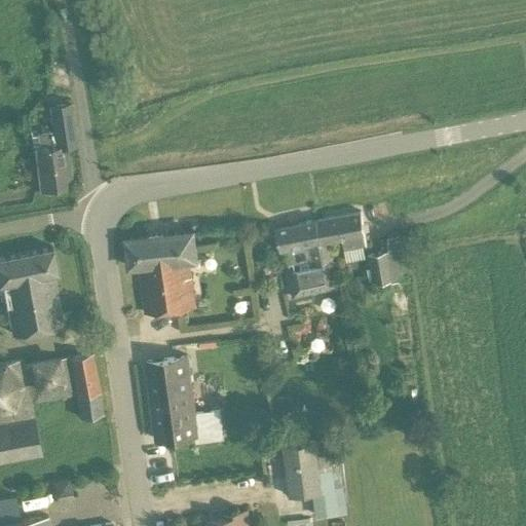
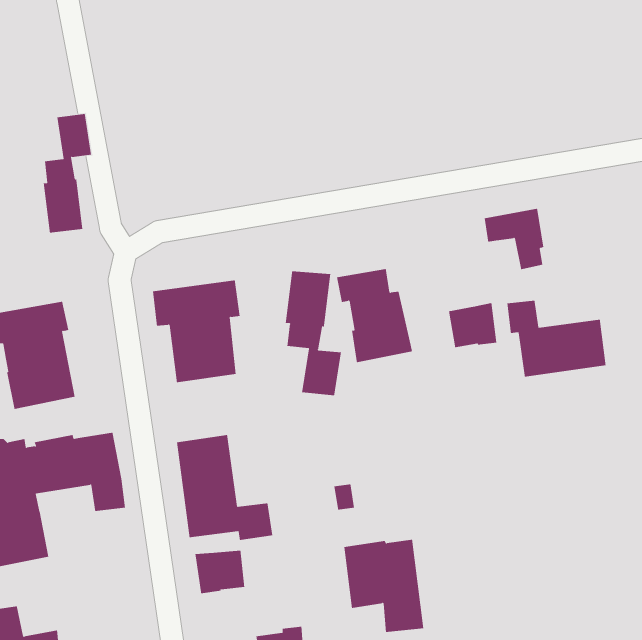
building: [315,214,365,264] -> [484,208,544,270]
building: none -> [285,270,341,396]
building: none -> [507,300,606,377]
building: none -> [195,550,245,594]

